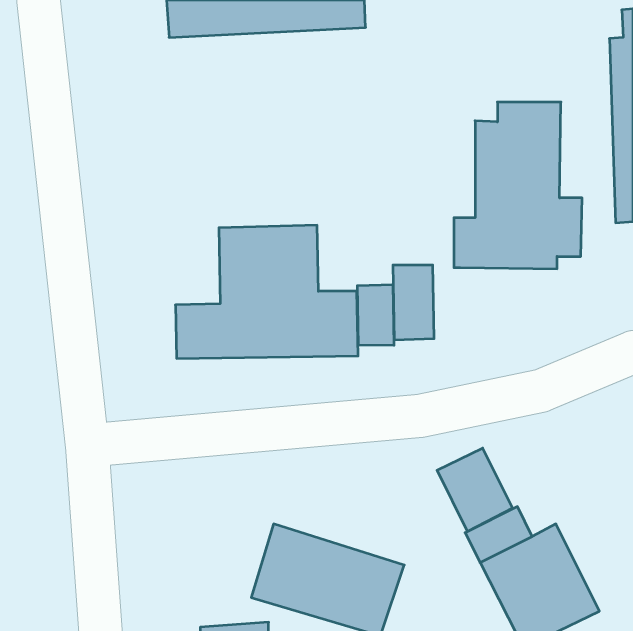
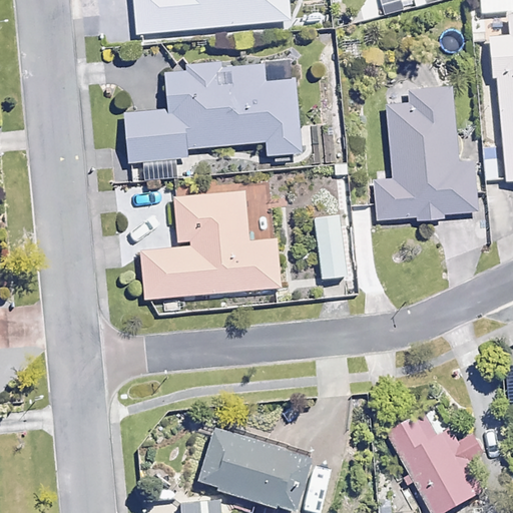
building: none -> [129,62,314,161]
building: [357,284,394,345] -> none
building: [437,448,513,531] -> none

